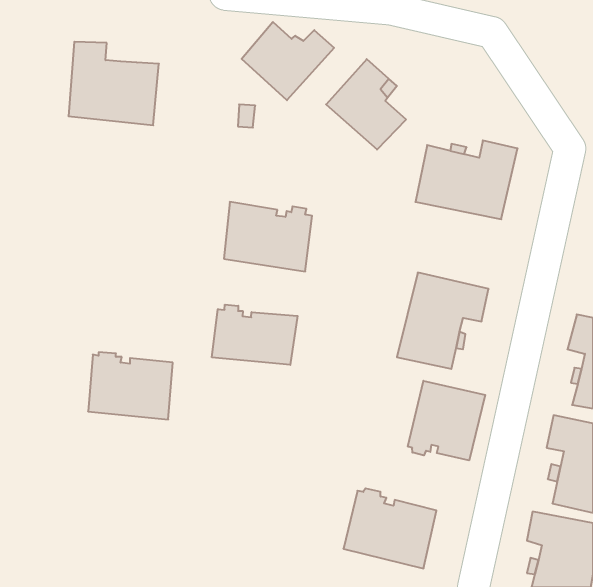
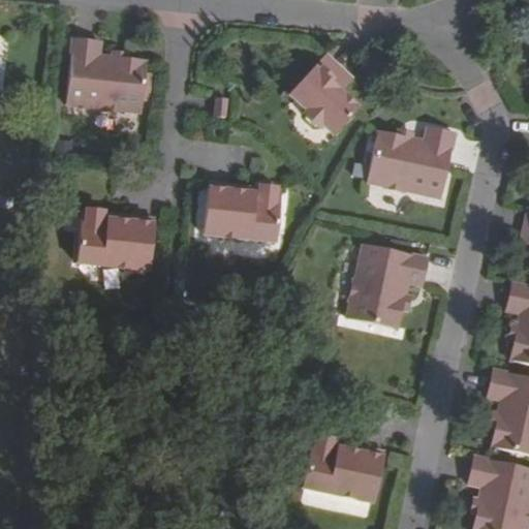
building: [242,22,334,100] -> none
building: [212,305,298,365] -> none
building: [88,352,173,419] -> [72,212,148,272]
building: [408,381,485,460] -> none

